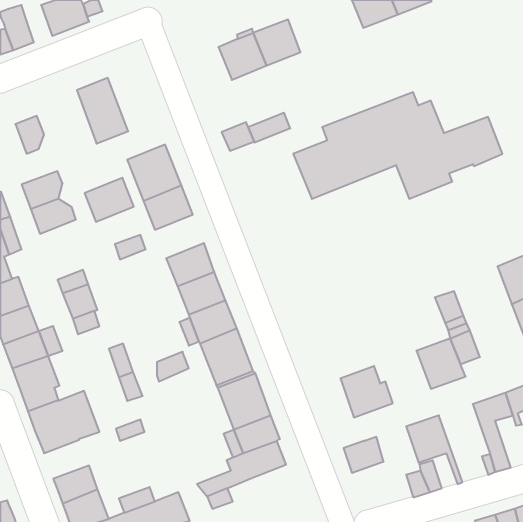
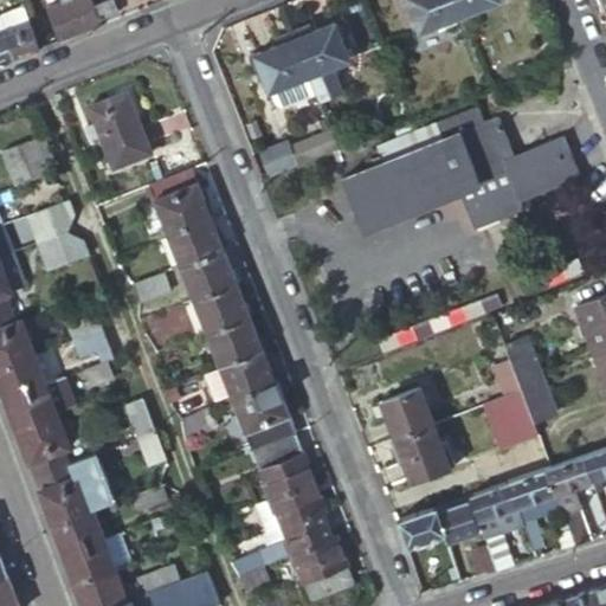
building: [85,178,134,222] -> [180,250,237,301]
building: none -> [381,389,433,439]
building: none -> [508,469,561,559]
building: none -> [436,497,478,542]
building: none -> [52,510,104,555]
building: none -> [292,537,353,598]

